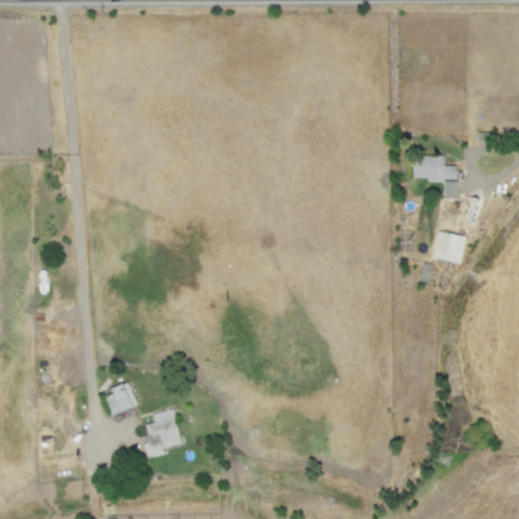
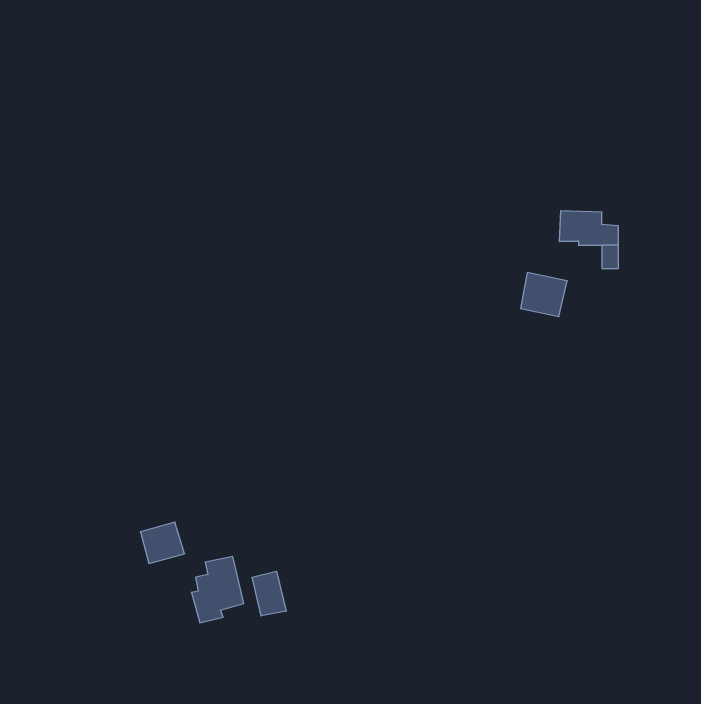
building: [433,231,467,264] -> [520,273,567,317]
building: none -> [252,571,286,616]

